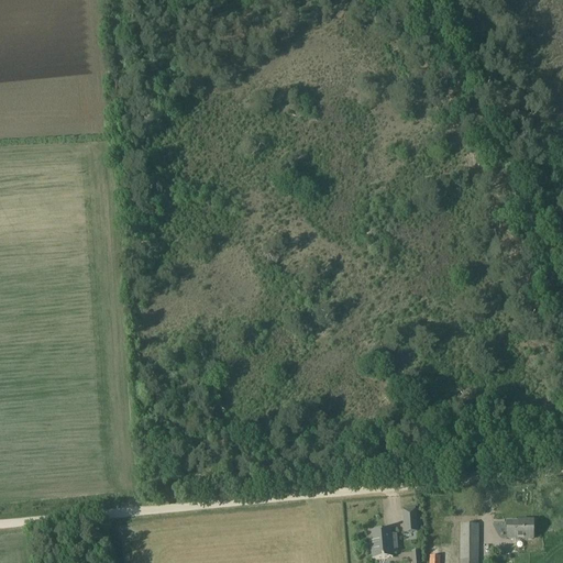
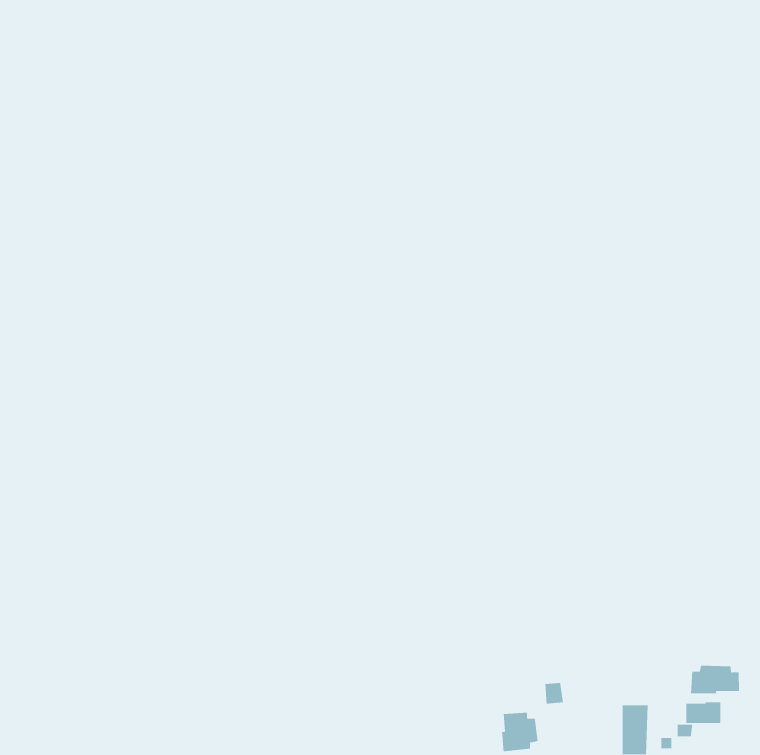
building: none -> [690,665,740,694]

